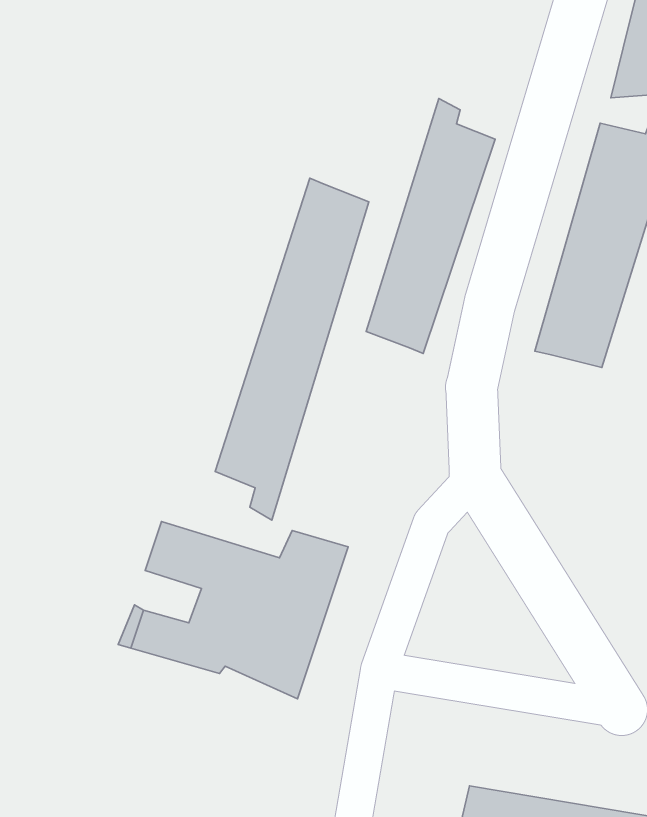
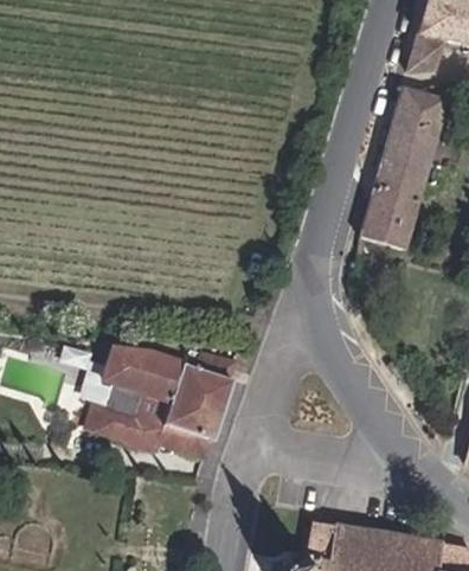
building: [366,98,495,353] -> none
building: [215,178,369,520] -> none

